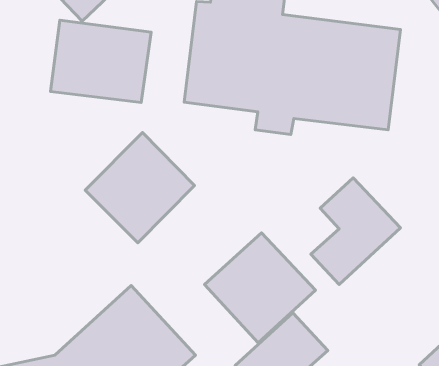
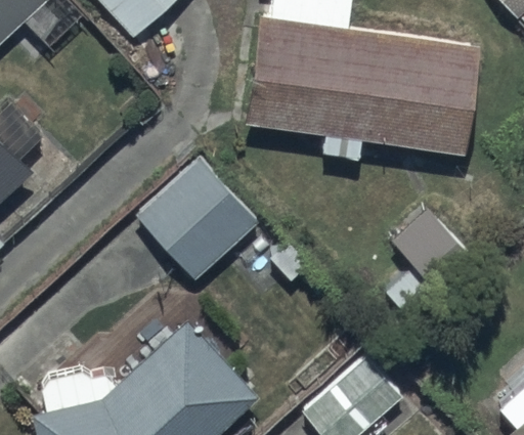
building: [50,20,151,103] -> none
building: [204,233,315,343] -> none

